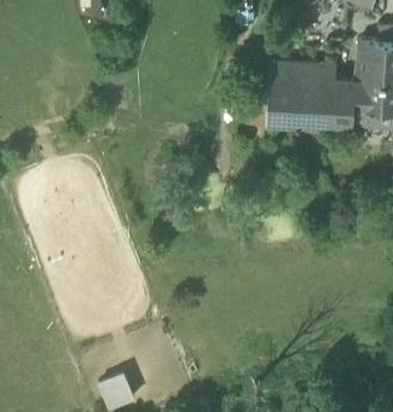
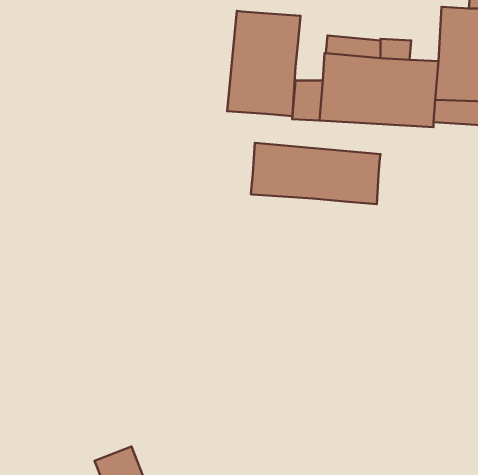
building: none -> [227,11,301,116]
building: none -> [251,143,381,204]

